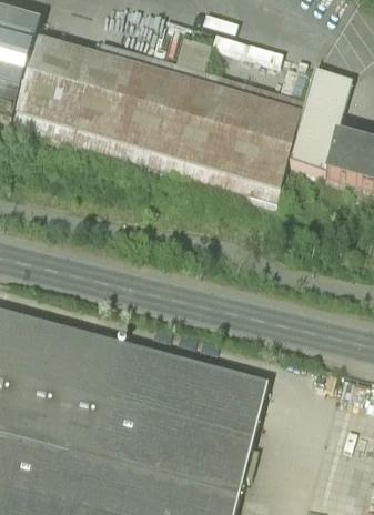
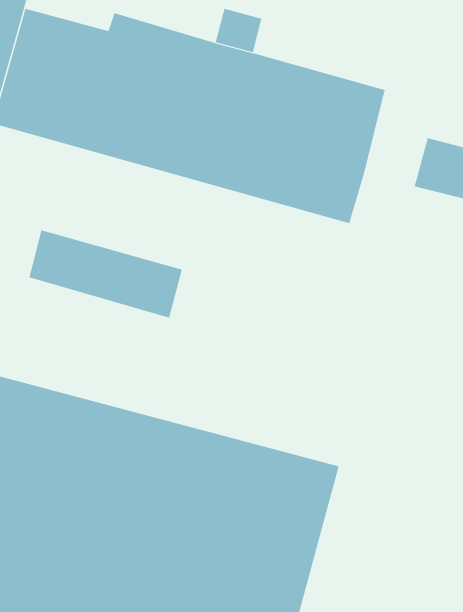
building: [287,71,347,171] -> none
building: none -> [29,230,183,319]

